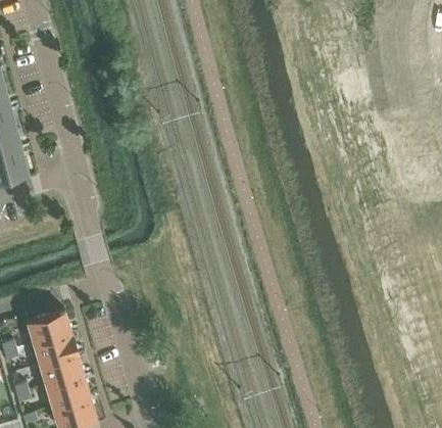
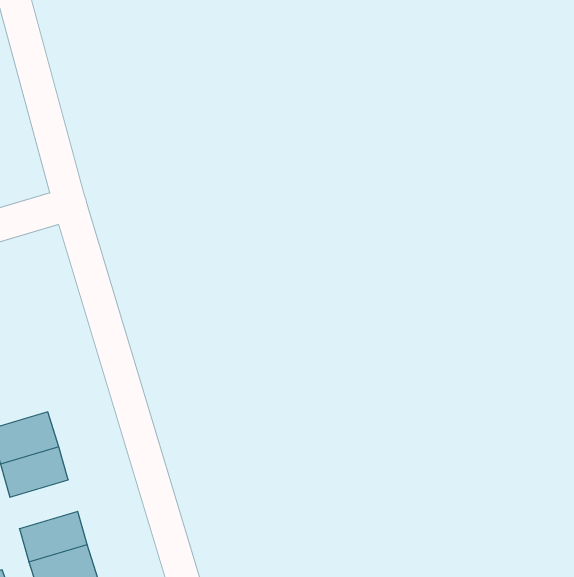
building: [40,355,84,387] -> none

